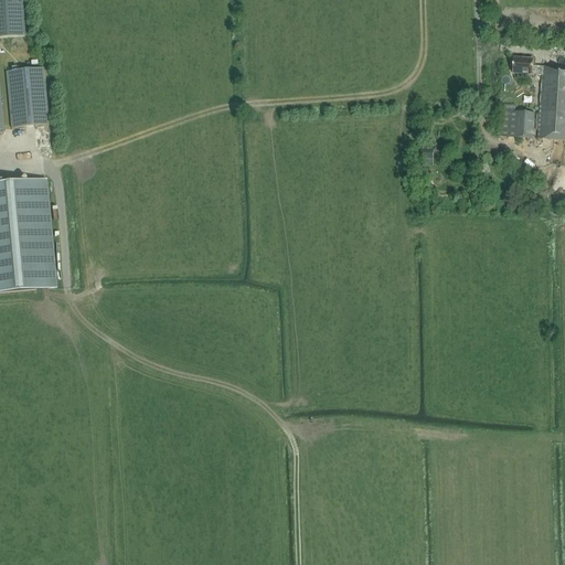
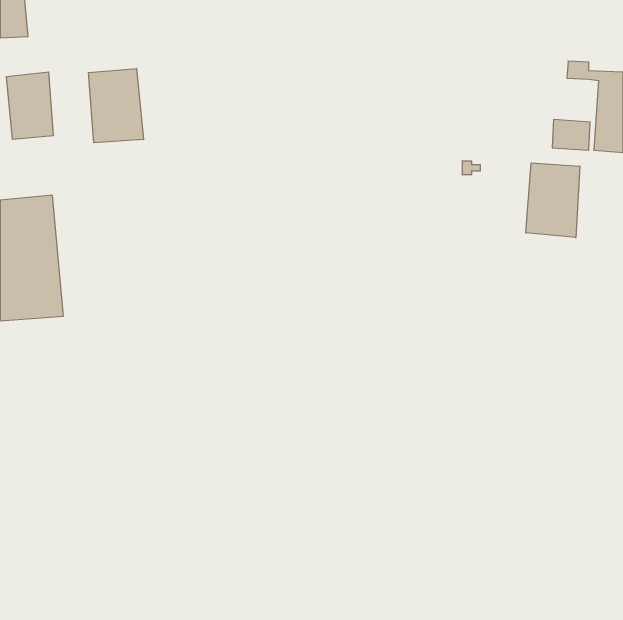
building: none -> [88,68,144,143]
building: none -> [526,163,580,238]

